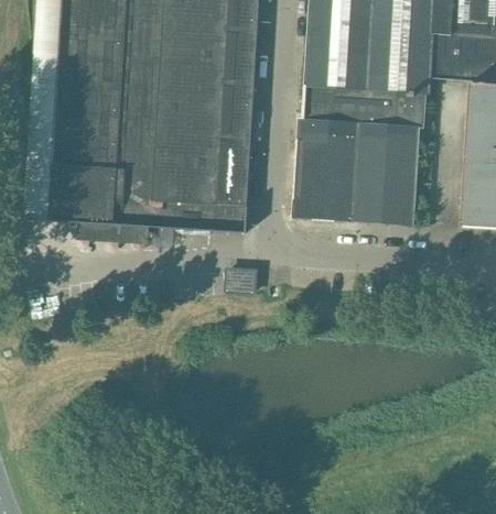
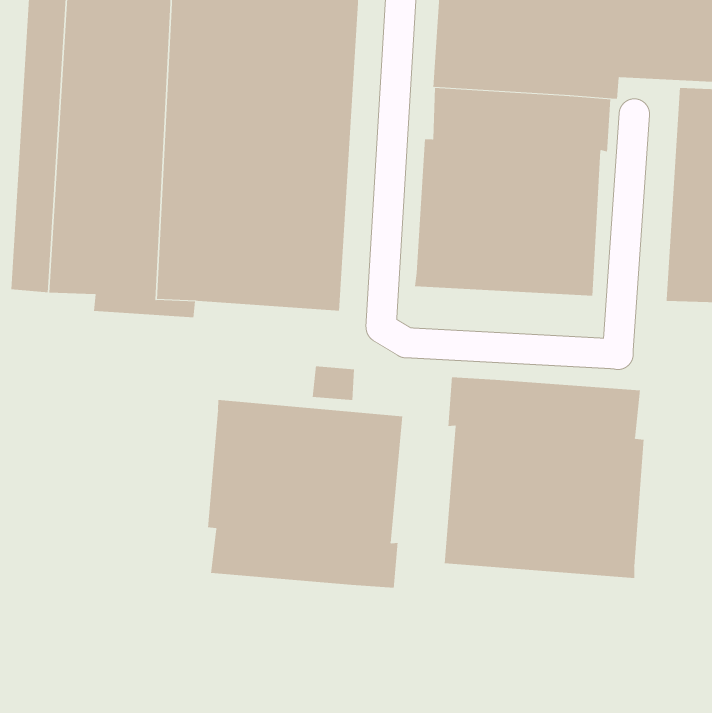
building: none -> [444,377,644,579]
building: none -> [207,399,403,589]

